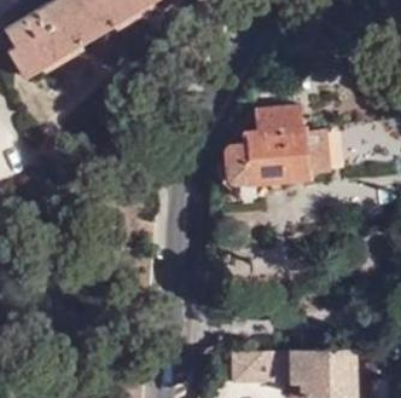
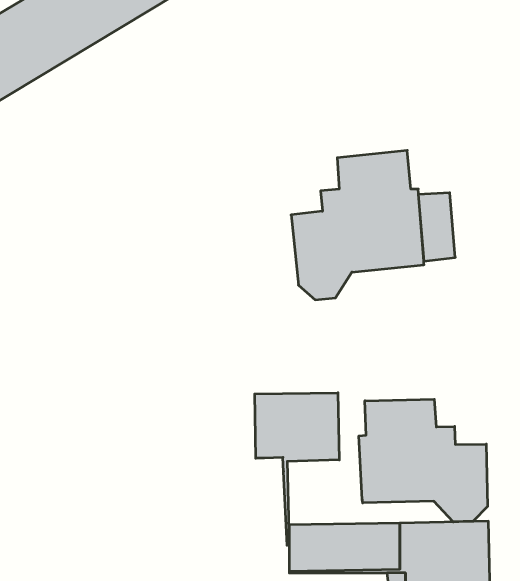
building: none -> [255,393,339,545]
building: none -> [359,399,488,522]

